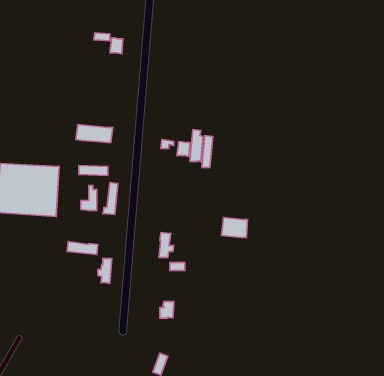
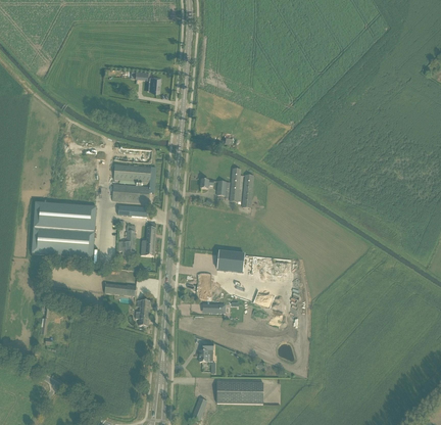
building: none -> [111,183,148,202]
building: [221,218,247,237] -> [216,250,243,271]
building: none -> [215,381,262,403]

